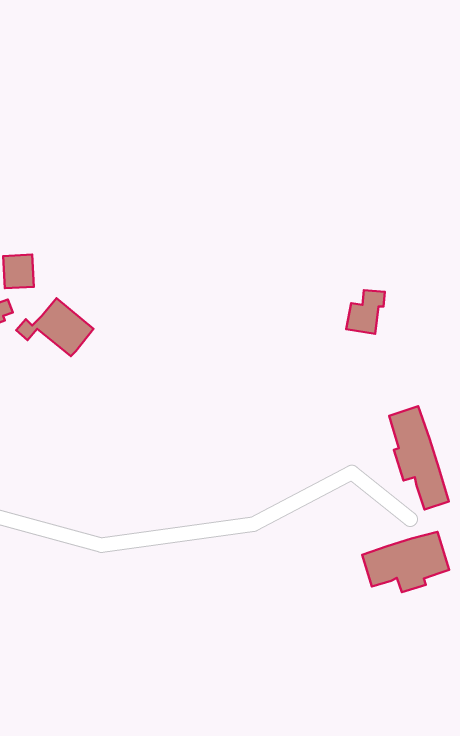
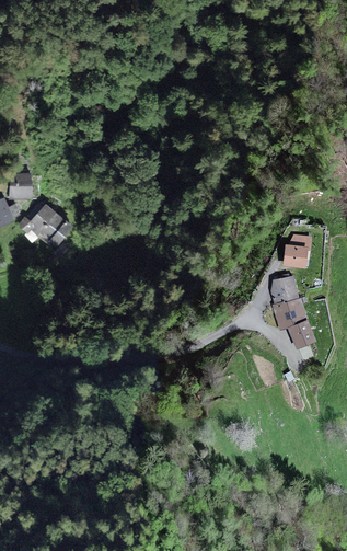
building: [346,290,385,334] -> [282,237,309,266]
building: [362,532,449,592] -> none

